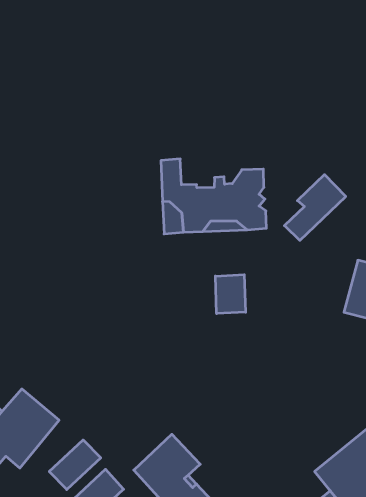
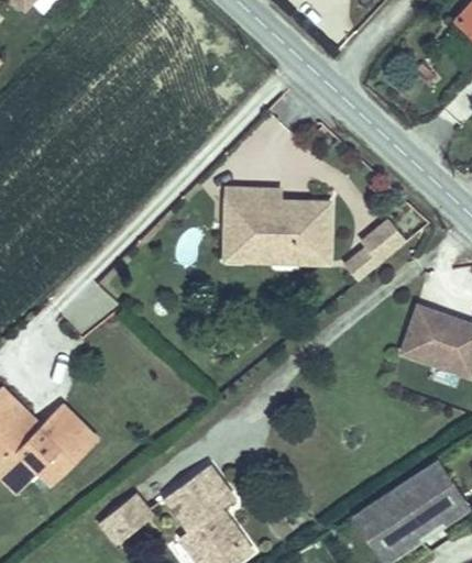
building: none -> [243,185,306,217]
building: [215,275,246,314] -> none
building: [49,440,101,490] -> none

